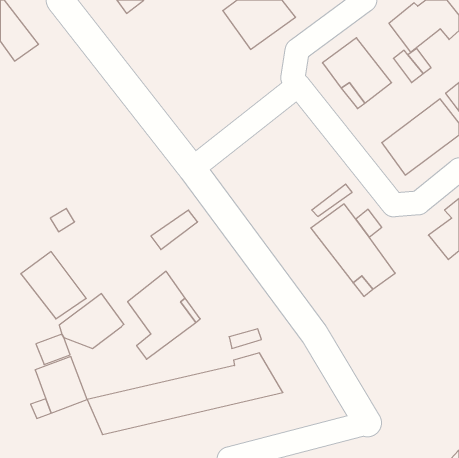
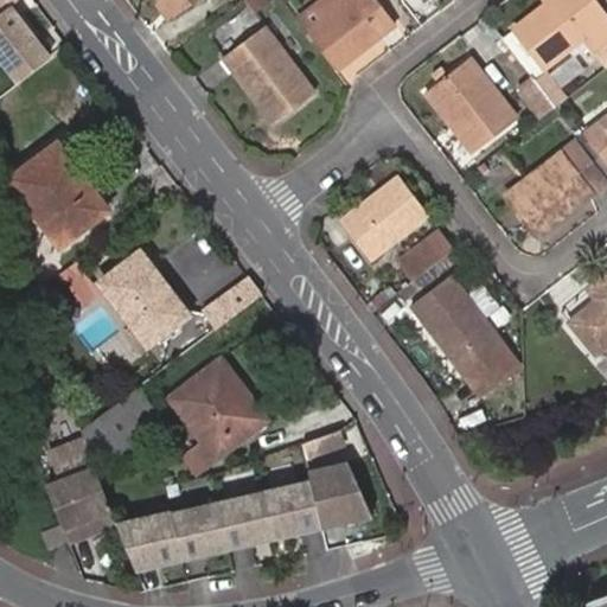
building: none -> [218,20,311,120]
building: none -> [9,146,106,247]
building: none -> [337,173,427,256]
building: none -> [396,225,455,279]
building: [21,252,86,319] -> [100,256,186,345]

